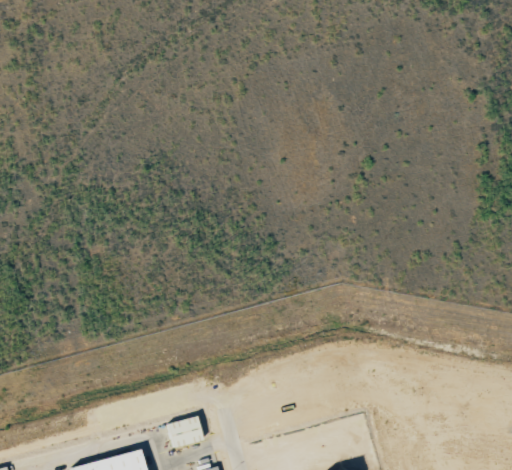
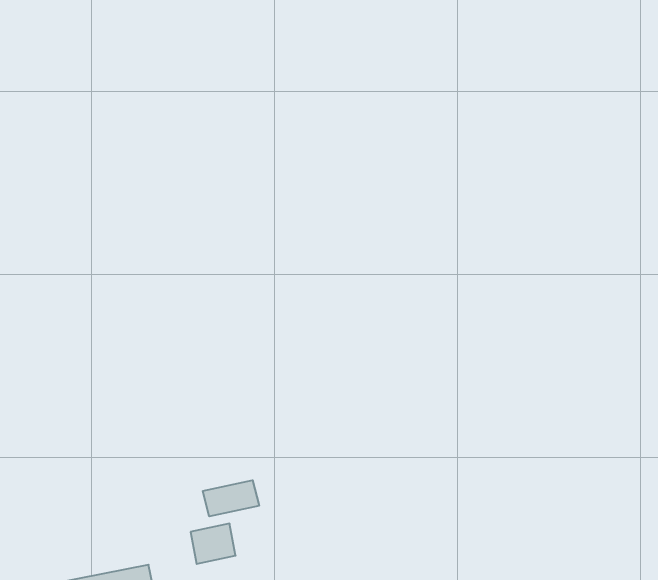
building: none -> [203,480,259,516]

